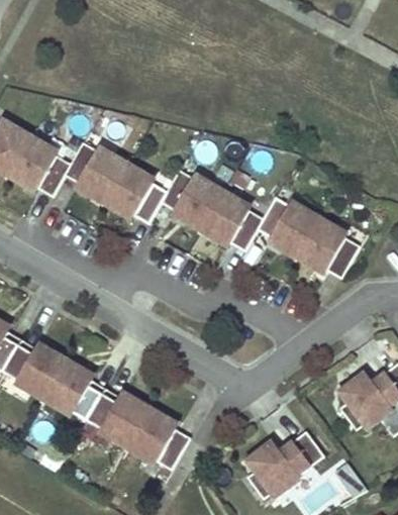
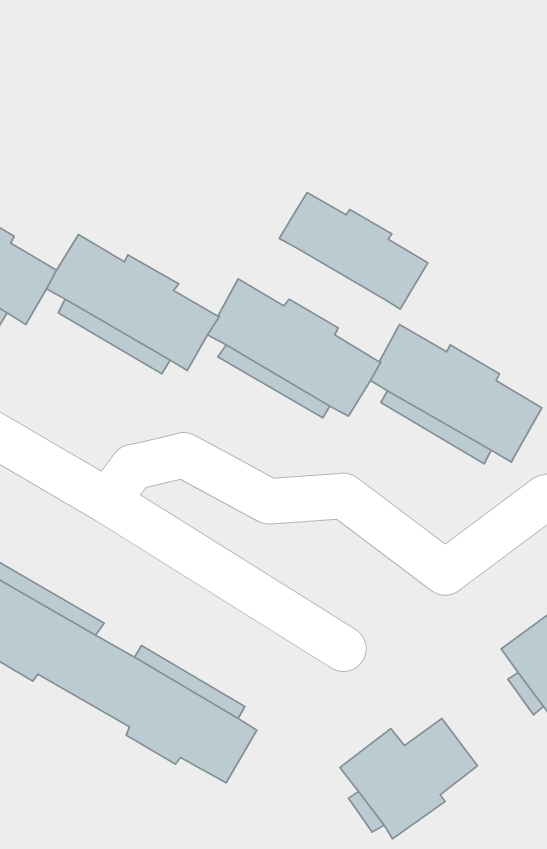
building: none -> [279,192,428,309]

